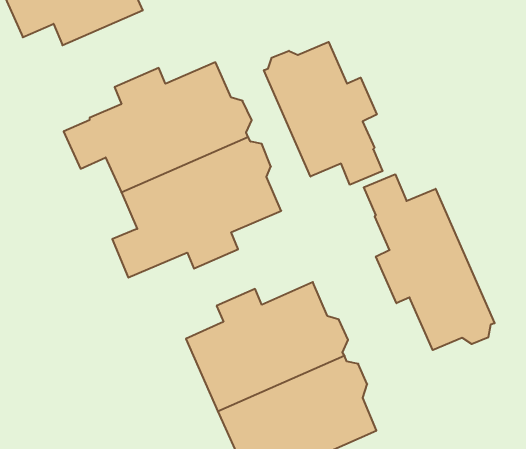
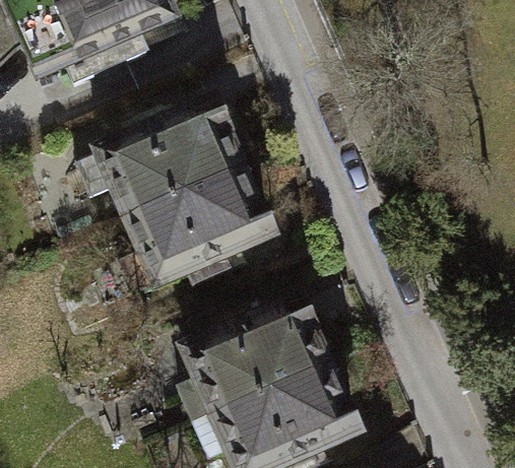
building: [264,42,383,185] -> none
building: [364,174,495,350] -> none

